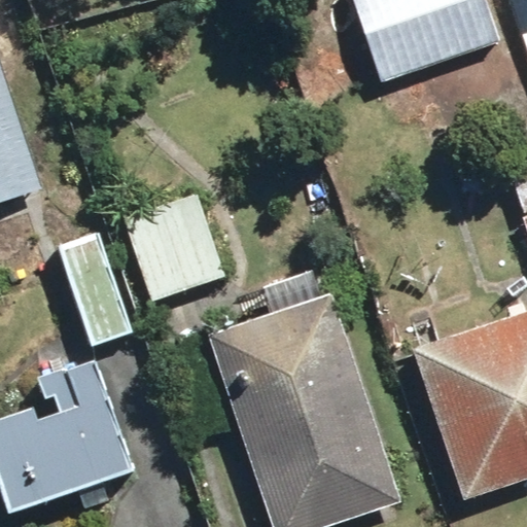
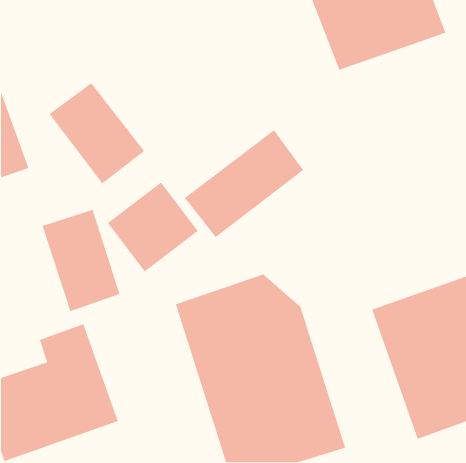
building: none -> [49,82,145,184]
building: none -> [184,129,304,238]

